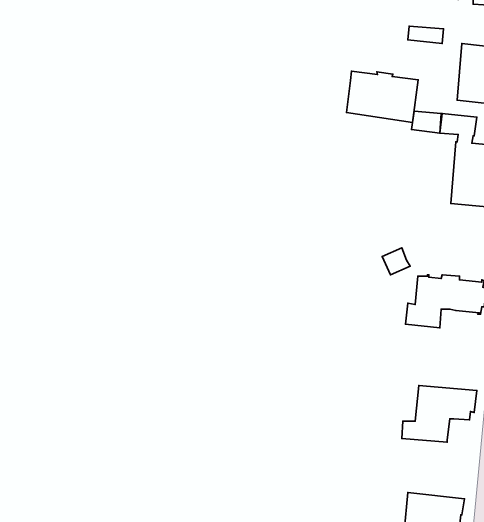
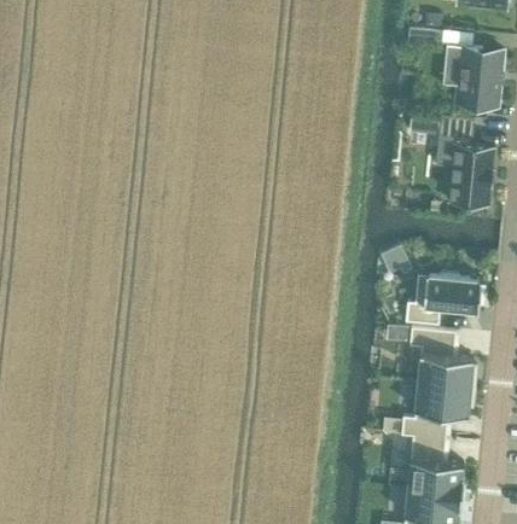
building: [346,71,418,123] -> none
building: none -> [408,328,475,388]
building: none -> [400,435,463,494]

